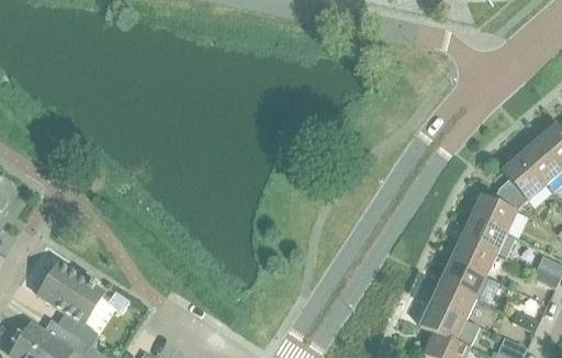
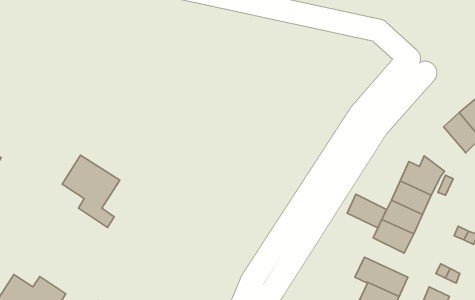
building: [496,156,543,206] -> none
building: [36,264,102,346] -> [62,155,120,228]
building: [428,282,473,321] -> [347,194,387,228]

